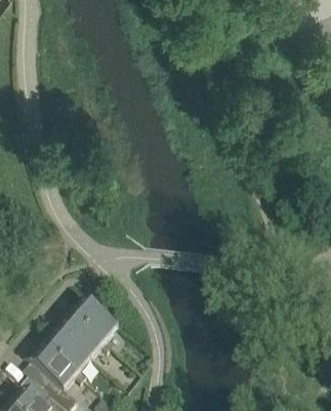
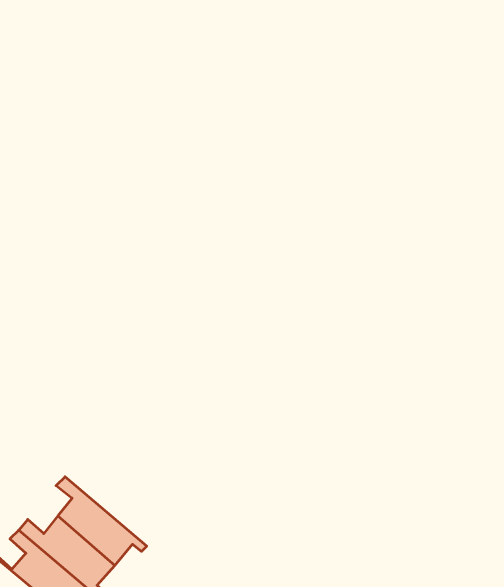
building: [61,297,117,356] -> none

